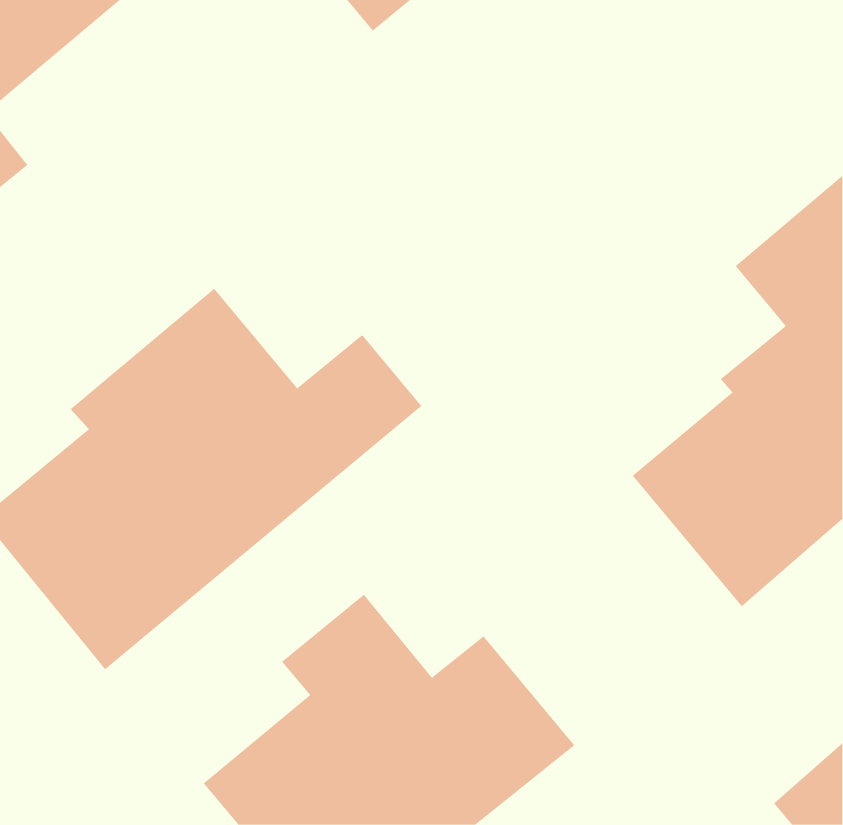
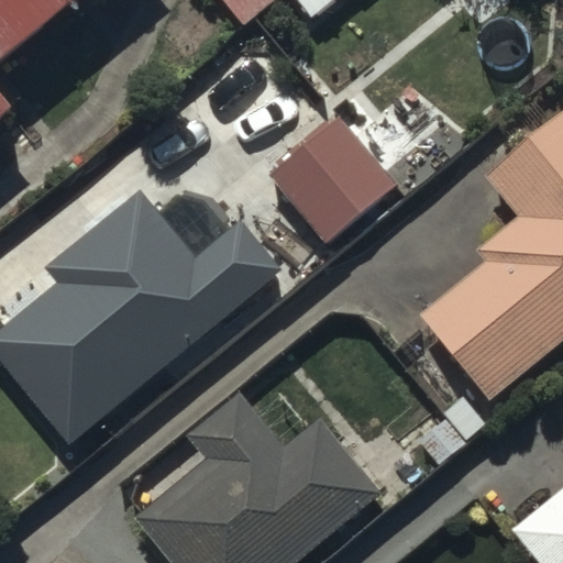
building: none -> [269,114,396,242]

